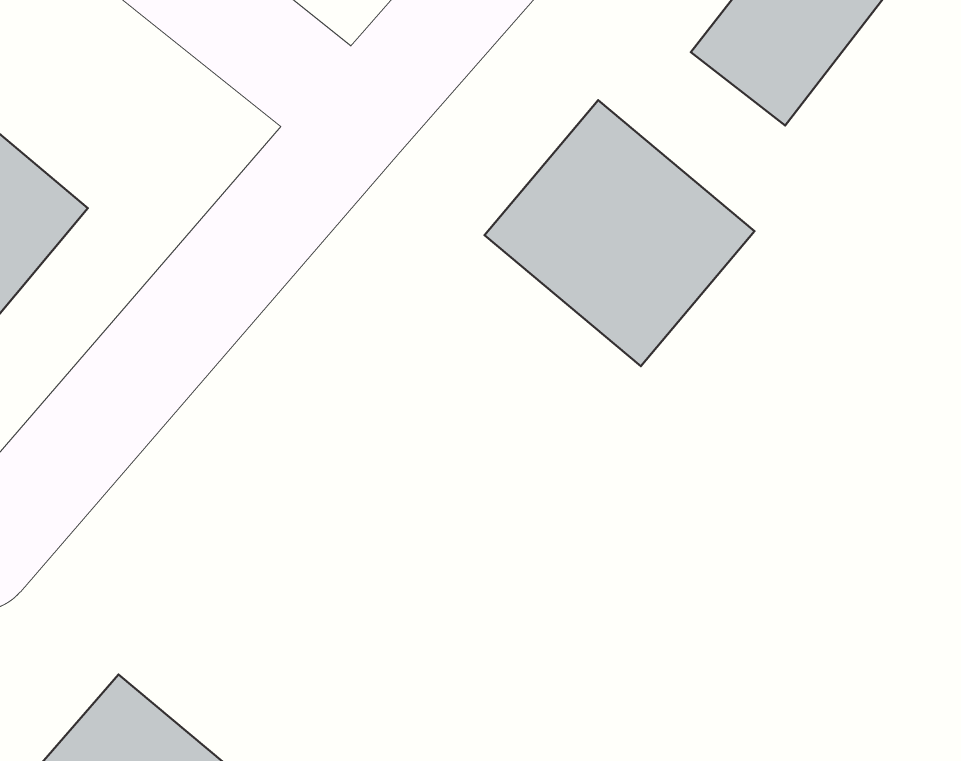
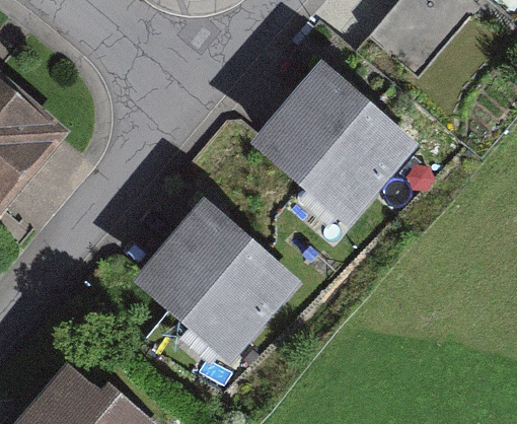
building: none -> [150,208,282,338]

